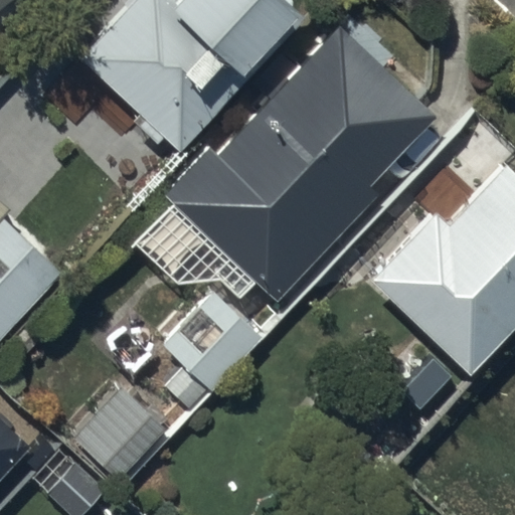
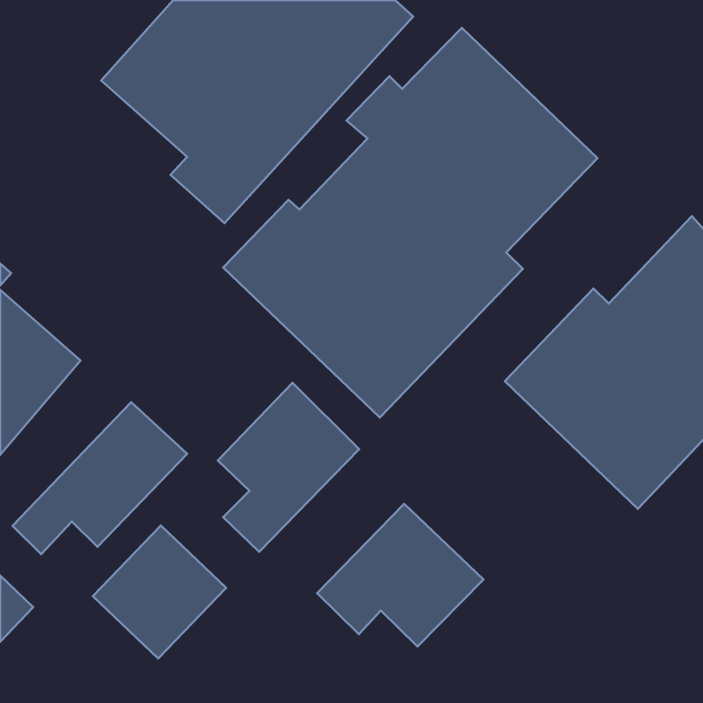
building: none -> [12,402,187,554]
building: none -> [317,504,483,647]

